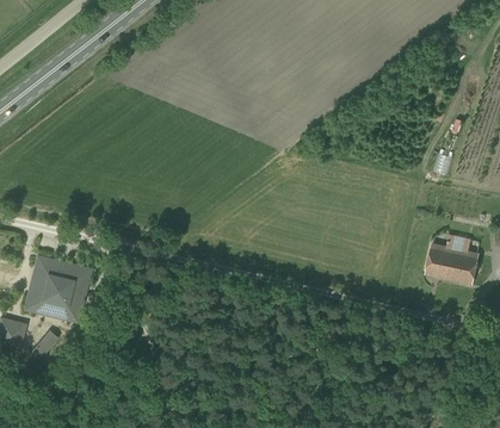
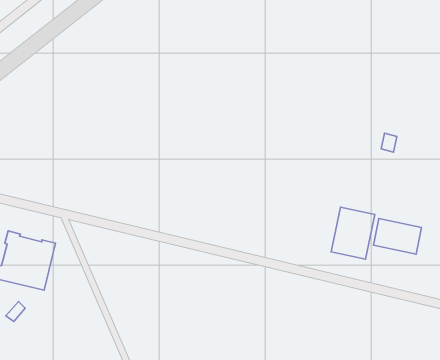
building: none -> [331,207,375,259]

